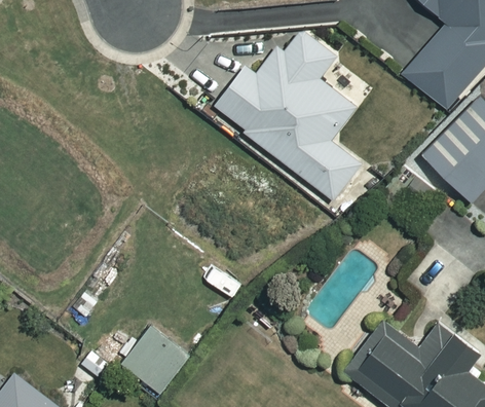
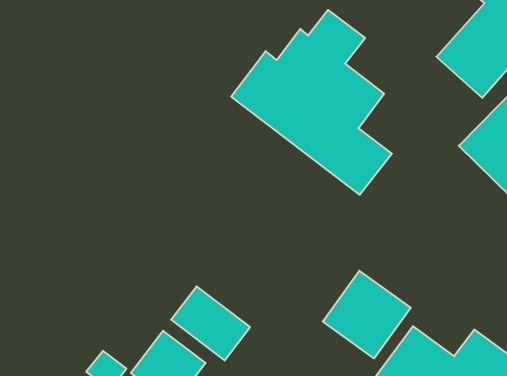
building: none -> [323,271,411,358]
building: none -> [171,286,250,361]

